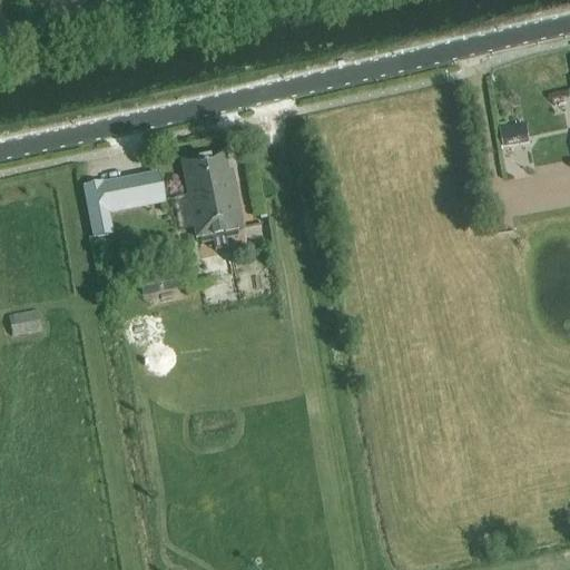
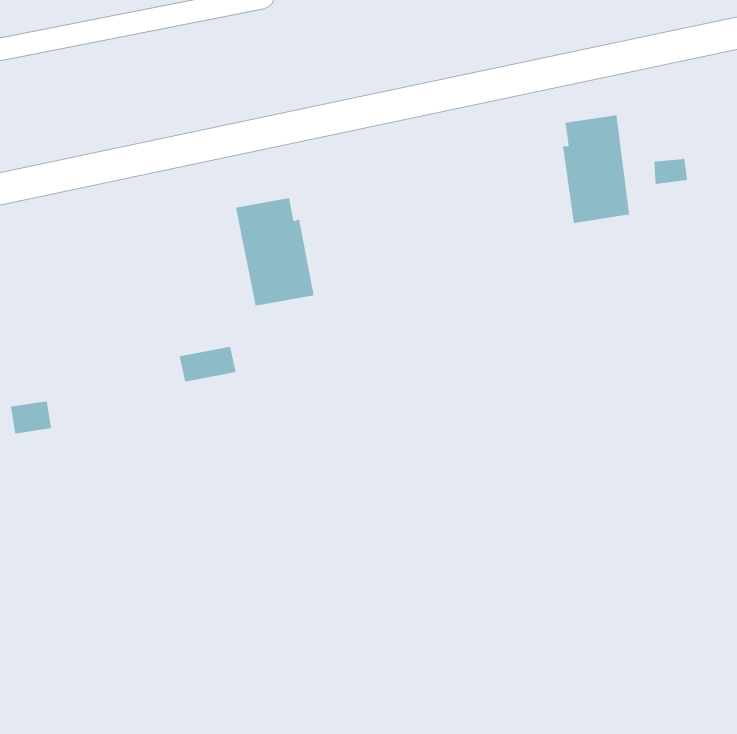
building: none -> [562,114,630,224]
building: [82,171,165,238] -> none

